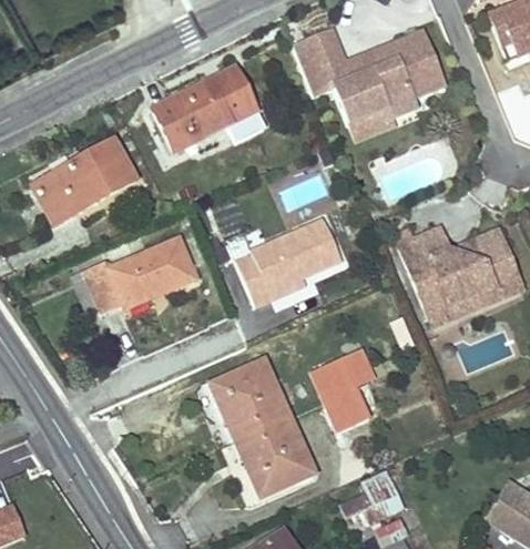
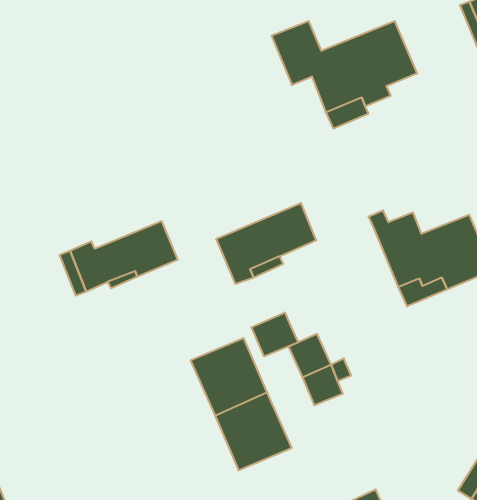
building: [154,68,256,148] -> none
building: [34,141,132,222] -> none
building: none -> [252,312,298,356]
building: [332,468,404,521] -> none

